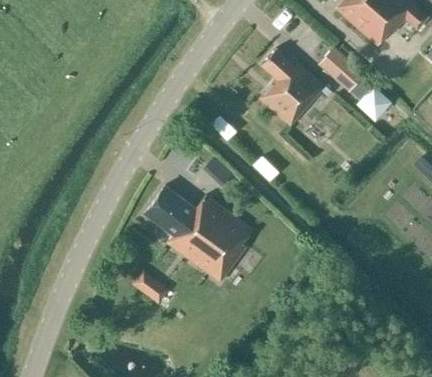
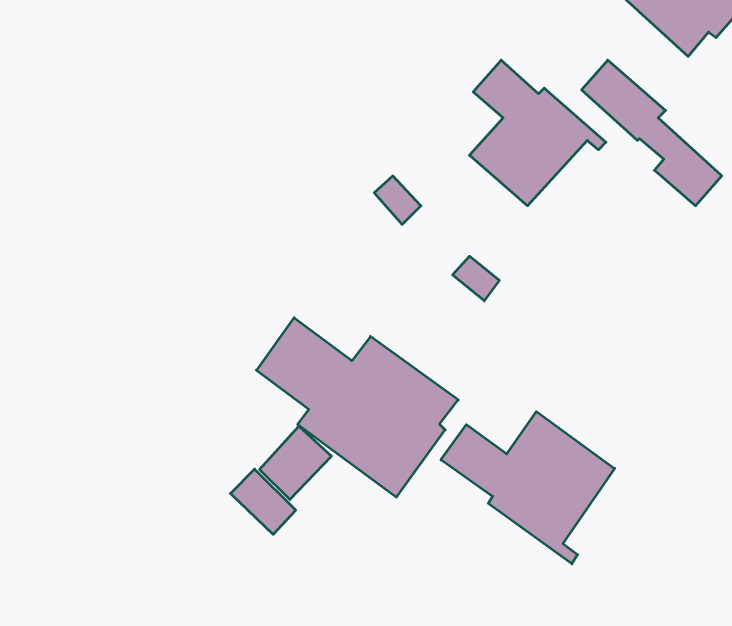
building: none -> [441,412,615,564]
building: none -> [260,426,331,500]

